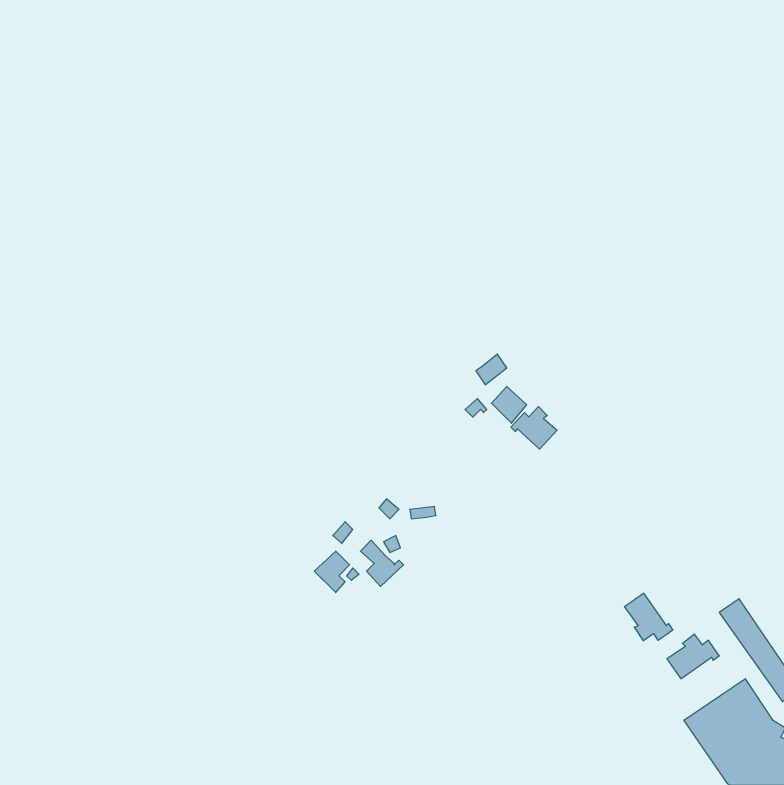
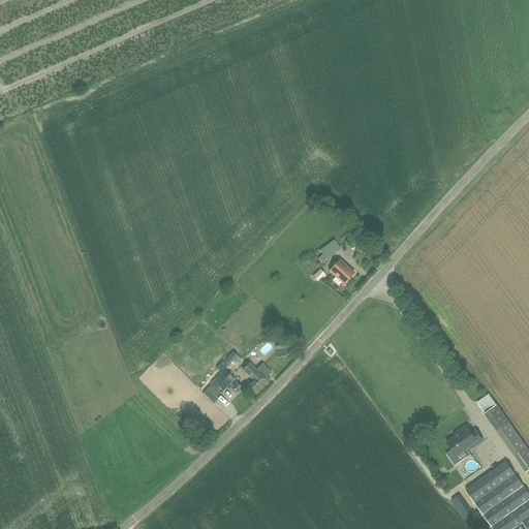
building: [511,407,557,449] -> none
building: [624,593,673,641] -> none

